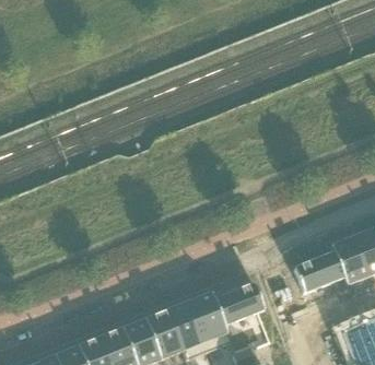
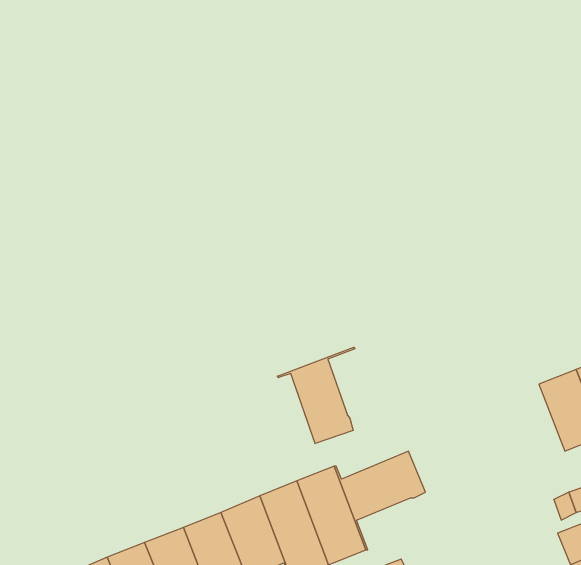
building: none -> [277,347,355,444]
building: [292,244,345,292] -> none

